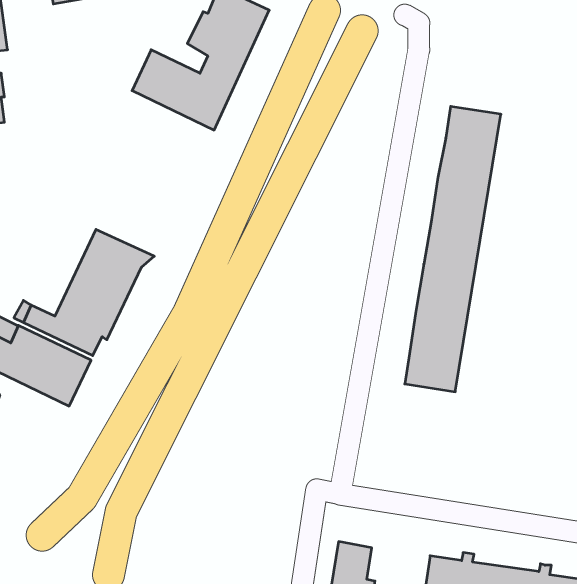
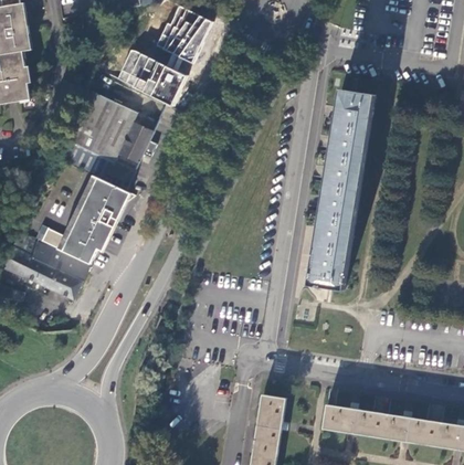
building: none -> [59,89,158,178]

